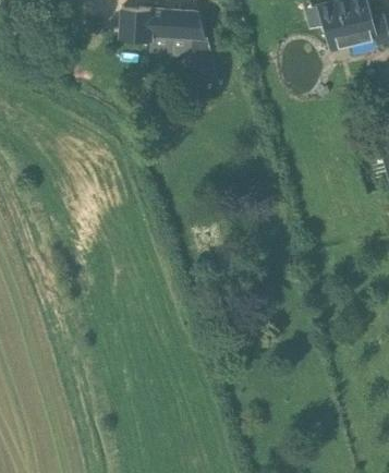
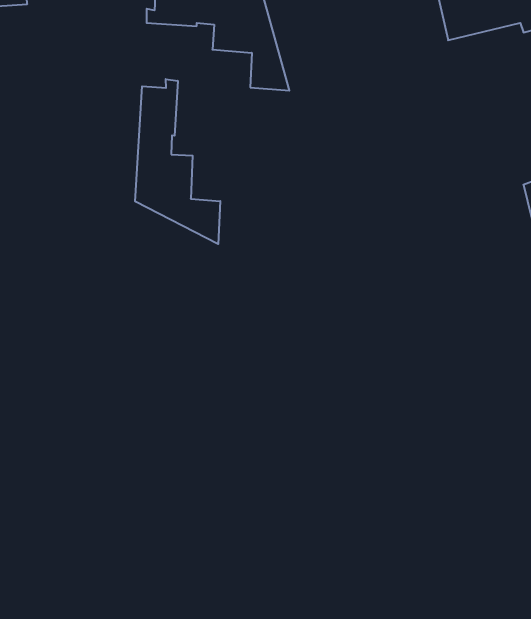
building: none -> [135,79,220,244]

